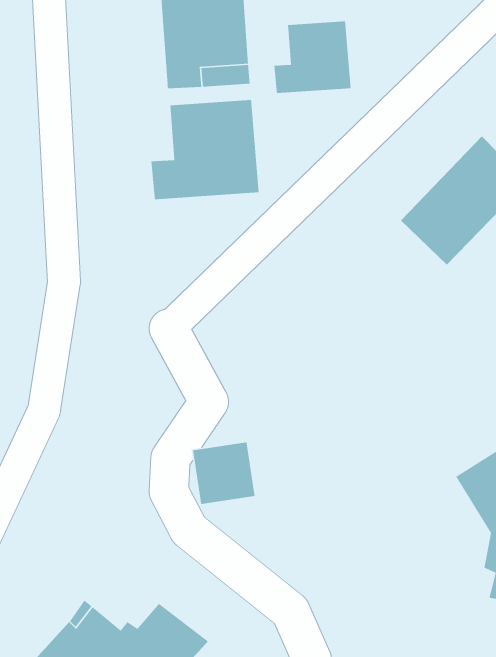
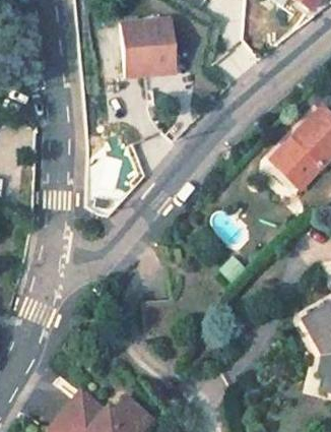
building: [274,20,351,94] -> none
building: [151,99,259,200] -> none

